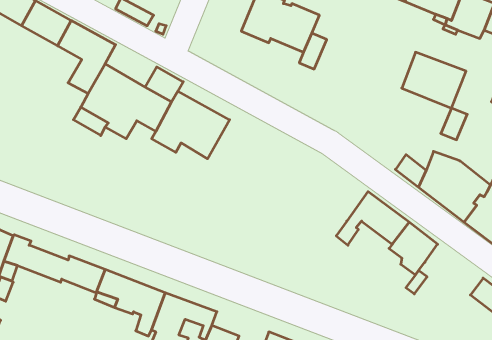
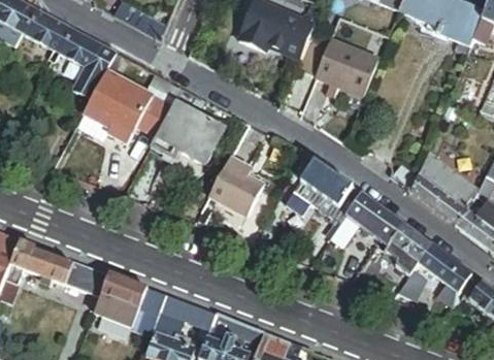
building: [402,52,466,108] -> [315,41,377,96]
building: none -> [206,158,260,215]
building: none -> [292,162,361,224]
building: none -> [417,247,468,306]

